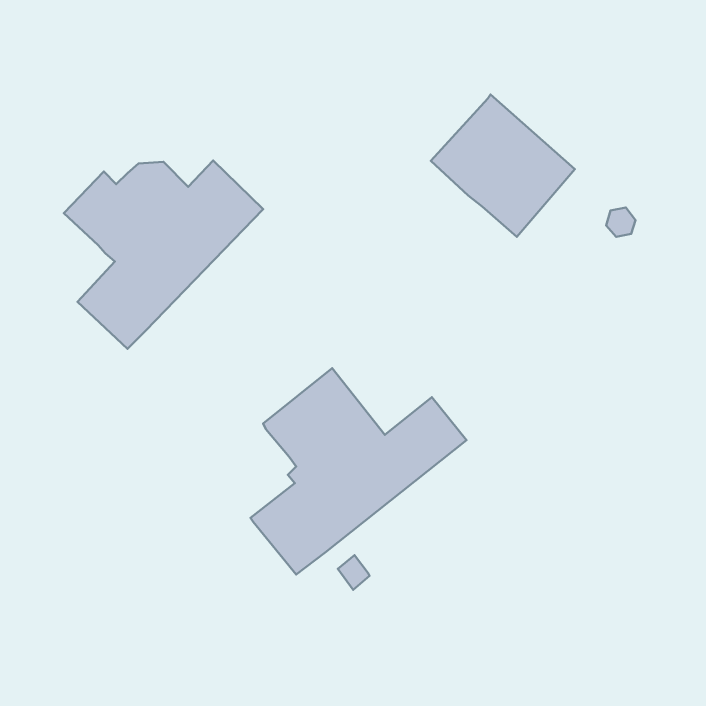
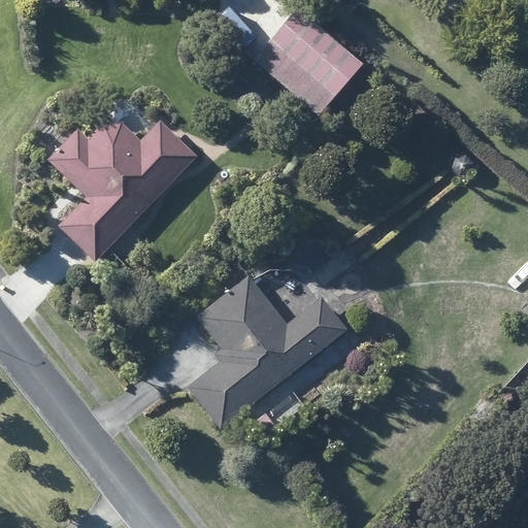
building: [431,94,575,237] -> [254,7,361,113]

